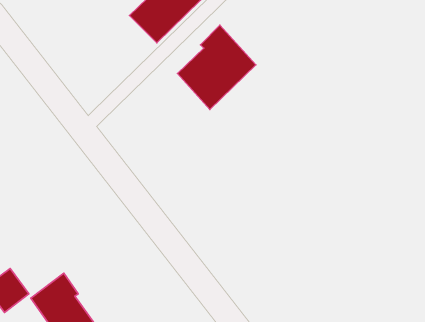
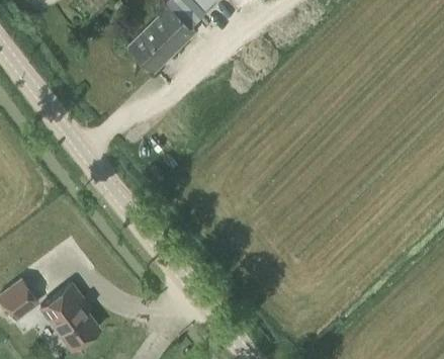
building: [177,25,256,110] -> none

